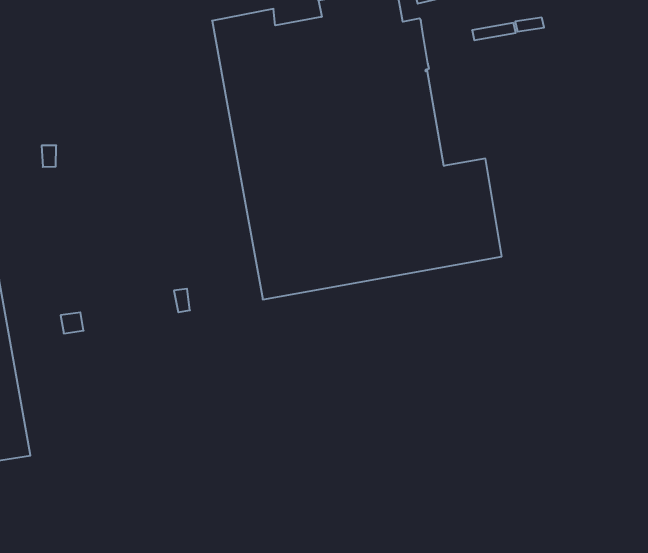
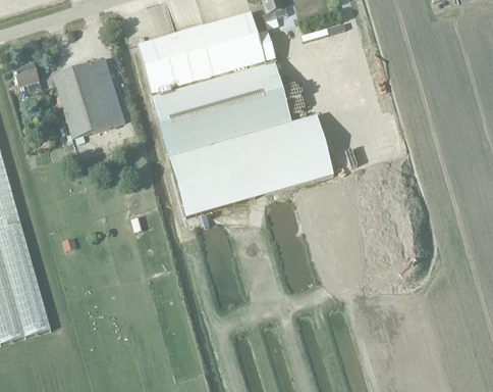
building: none -> [11,61,41,92]
building: none -> [52,59,123,138]

